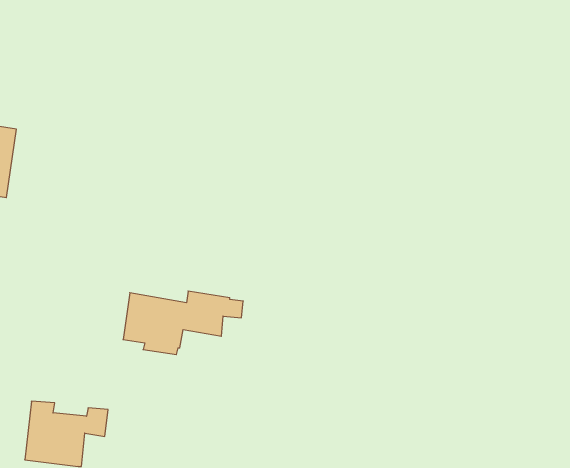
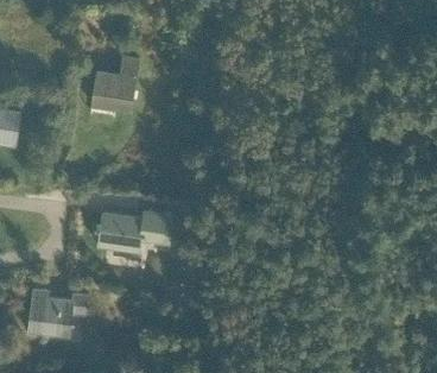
building: none -> [90,57,138,112]

